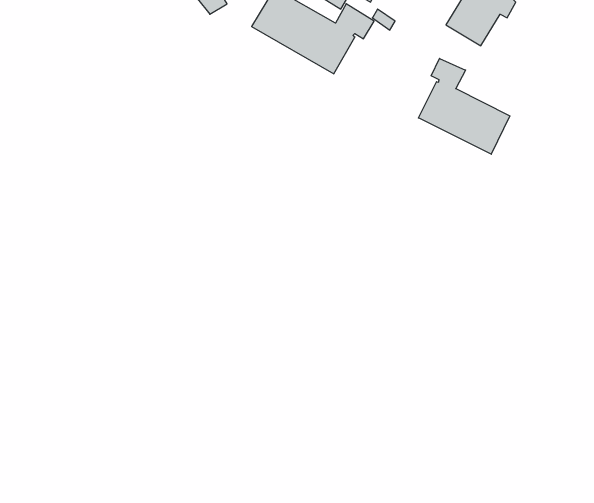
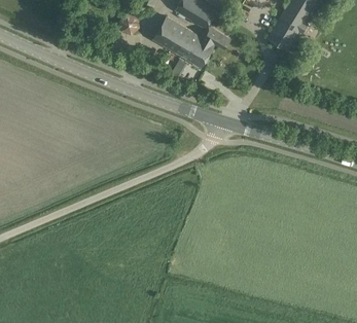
building: [418,58,510,154] -> none

